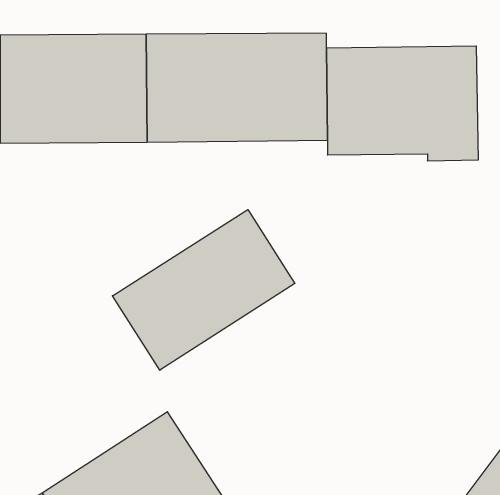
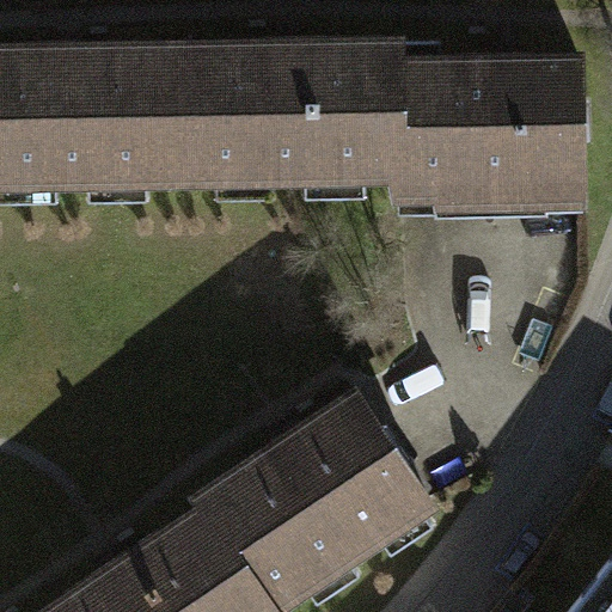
building: [112,210,295,370] -> none
building: none -> [201,399,427,605]

